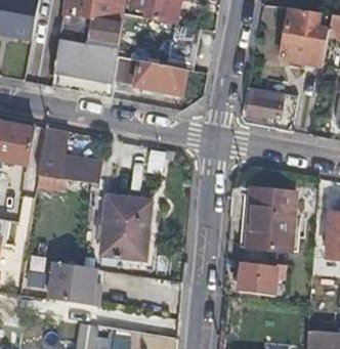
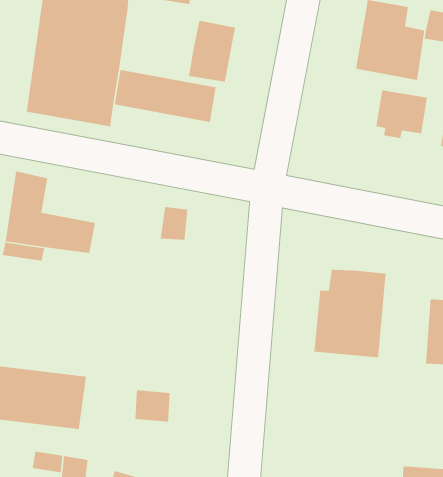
building: [248,88,284,122] -> [376,90,428,139]
building: [102,200,151,258] -> none
building: [236,264,288,294] -> none

